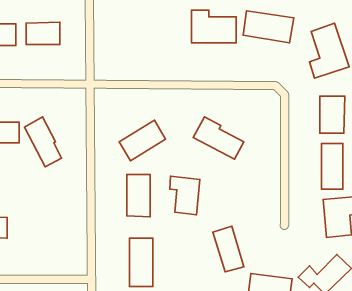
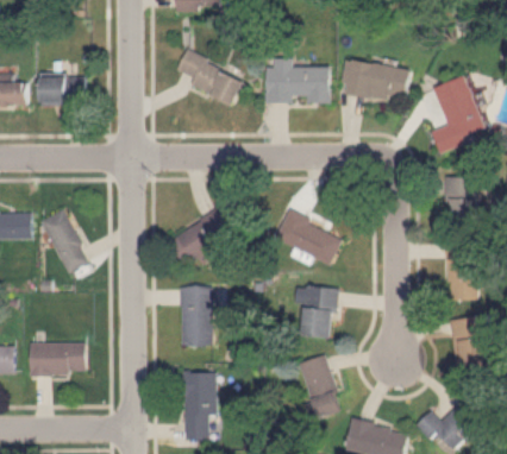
building: none -> [175,51,244,107]
building: [170,176,200,215] -> [295,285,337,339]
building: none -> [29,341,83,372]

